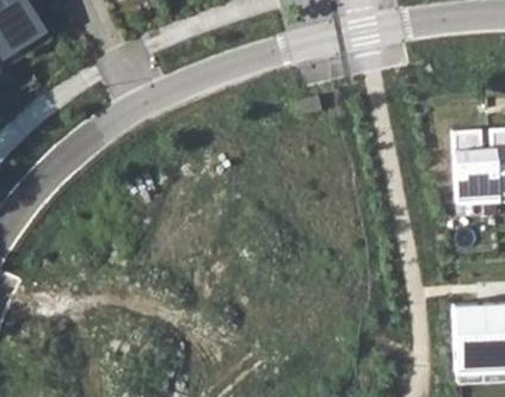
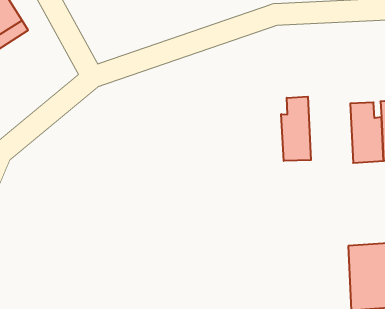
building: none -> [281,97,311,161]

